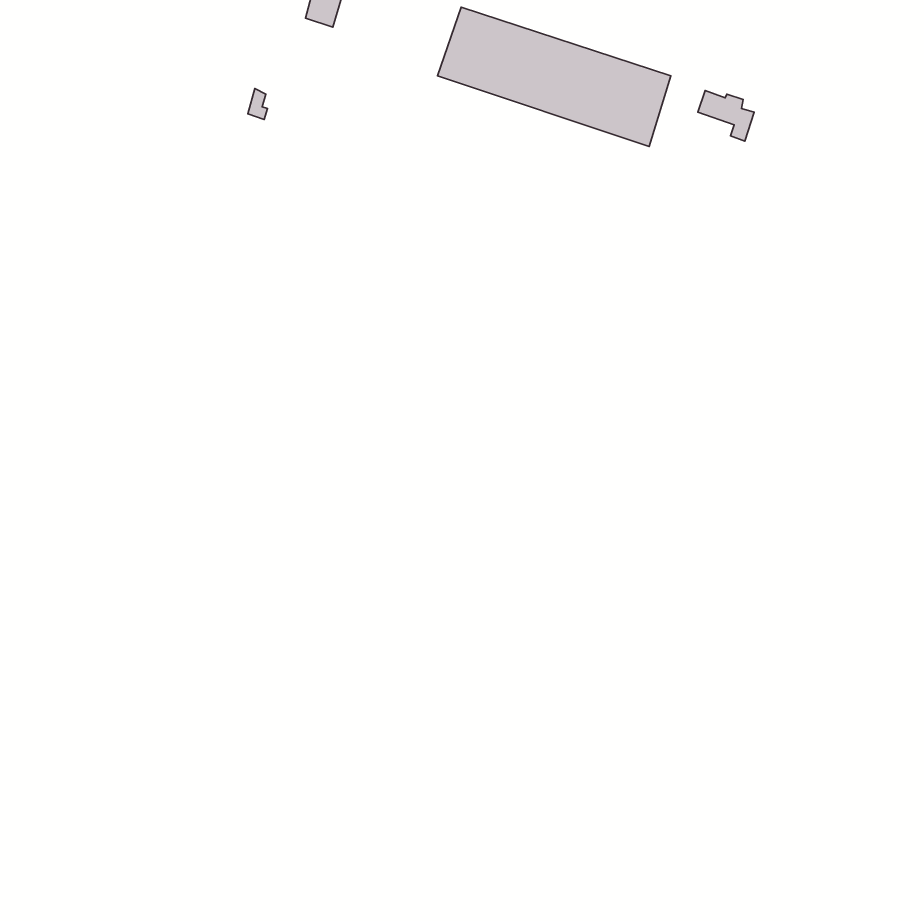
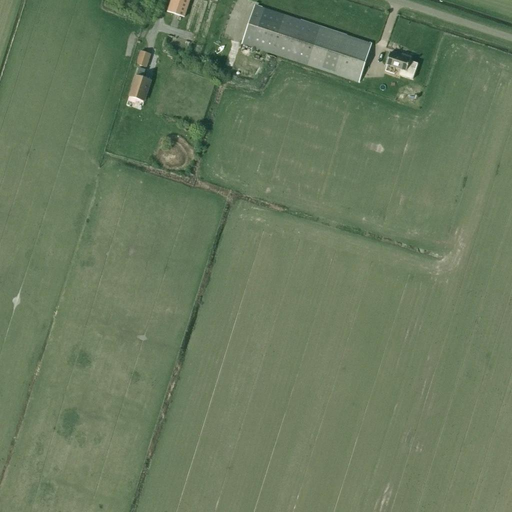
building: none -> [130,66,151,99]

